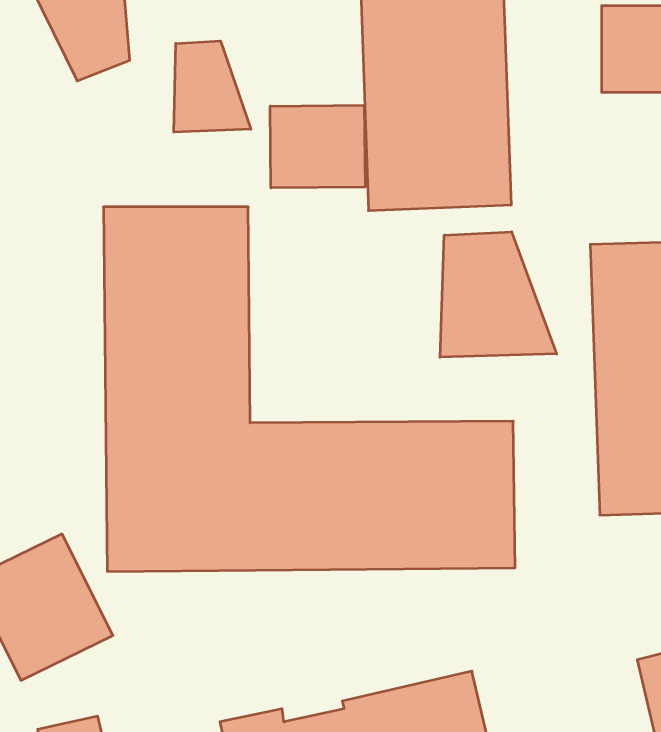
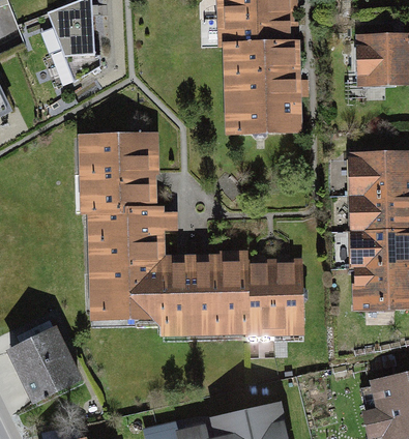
building: [174,41,251,132] -> none
building: [270,105,365,188] -> none
building: [440,232,557,357] -> none

